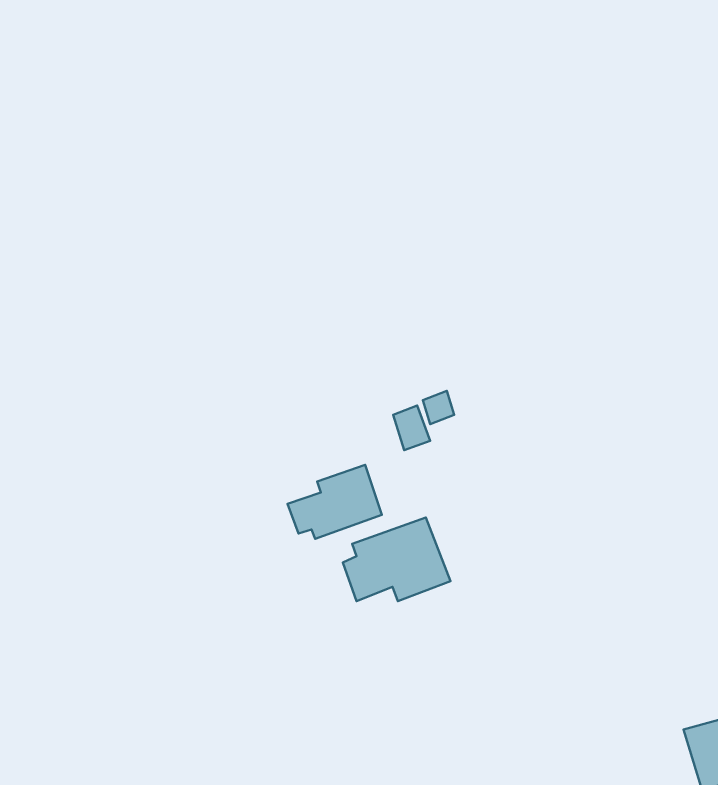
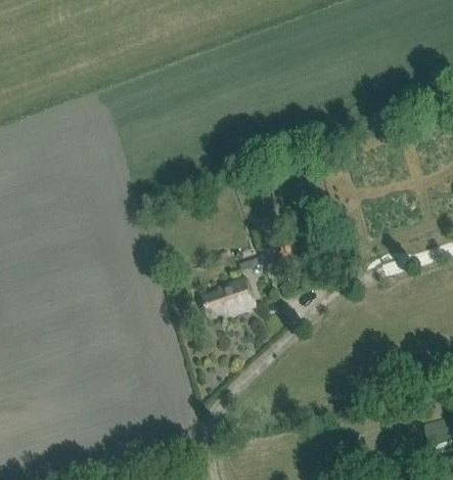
building: [343,517,450,601] -> none

